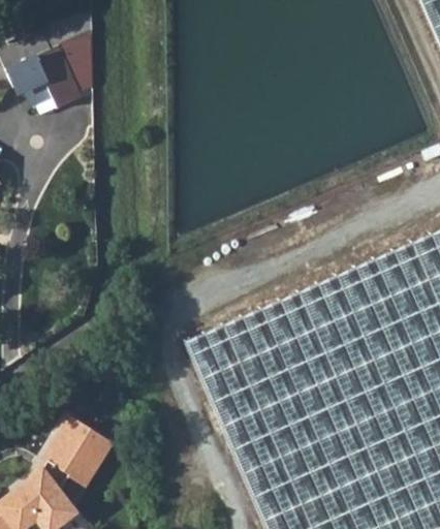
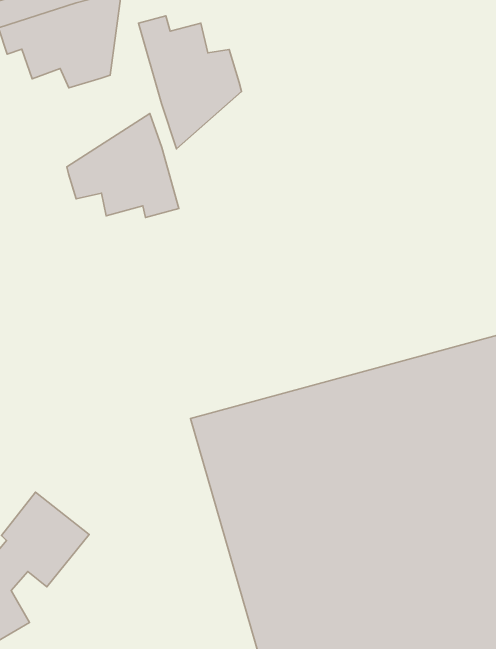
building: none -> [138,16,242,149]
building: none -> [67,113,179,217]

